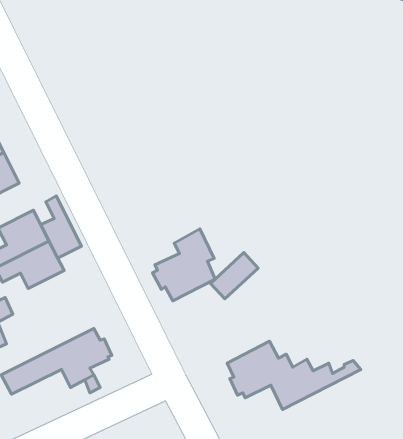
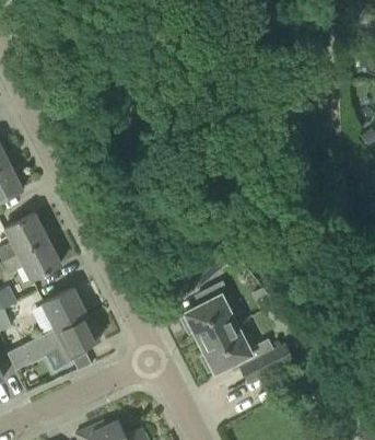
building: [41,196,81,258] -> none
building: [152,229,215,301] -> [183,281,236,343]
building: none -> [43,288,86,328]

